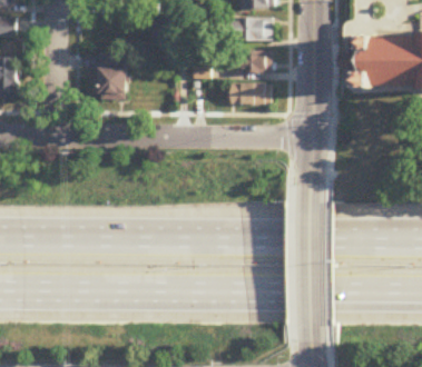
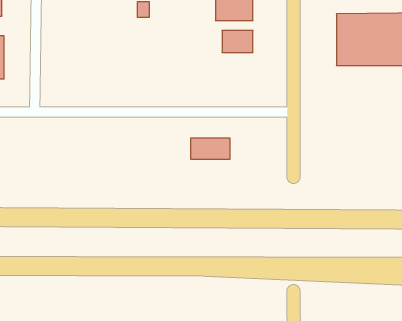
building: [98,53,126,99] -> none
building: [229,82,269,103] -> [191,138,230,159]

